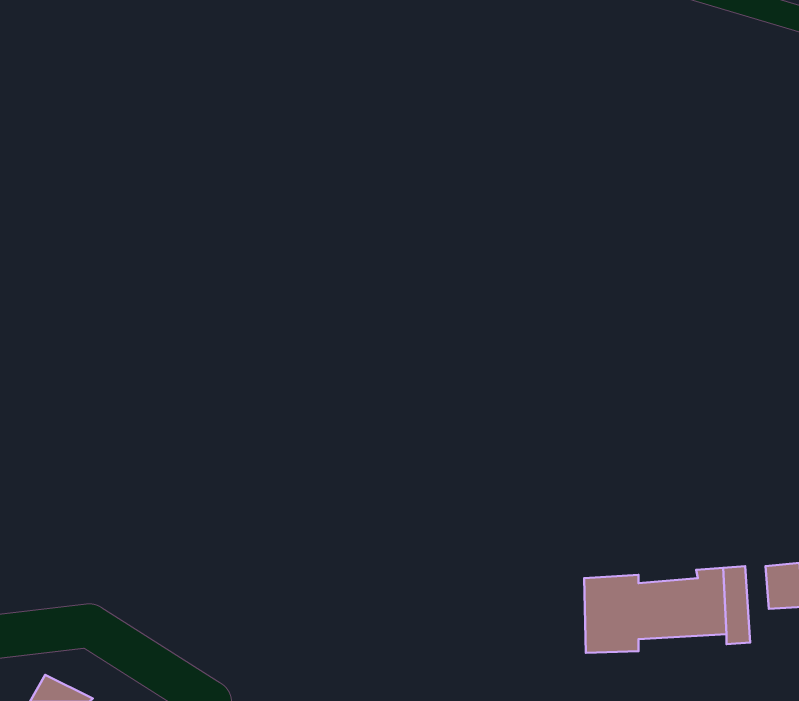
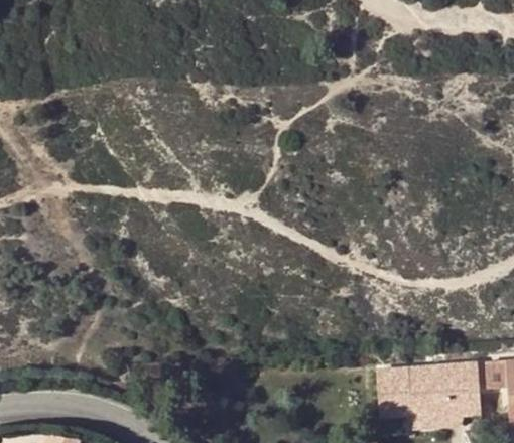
building: none -> [413,402,466,426]

